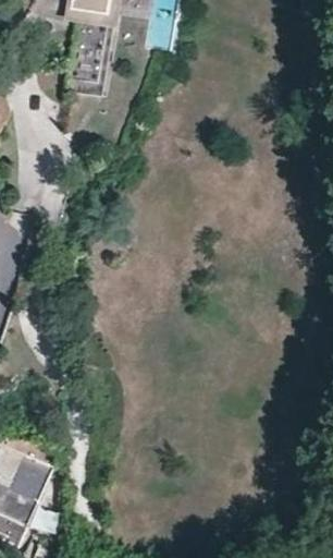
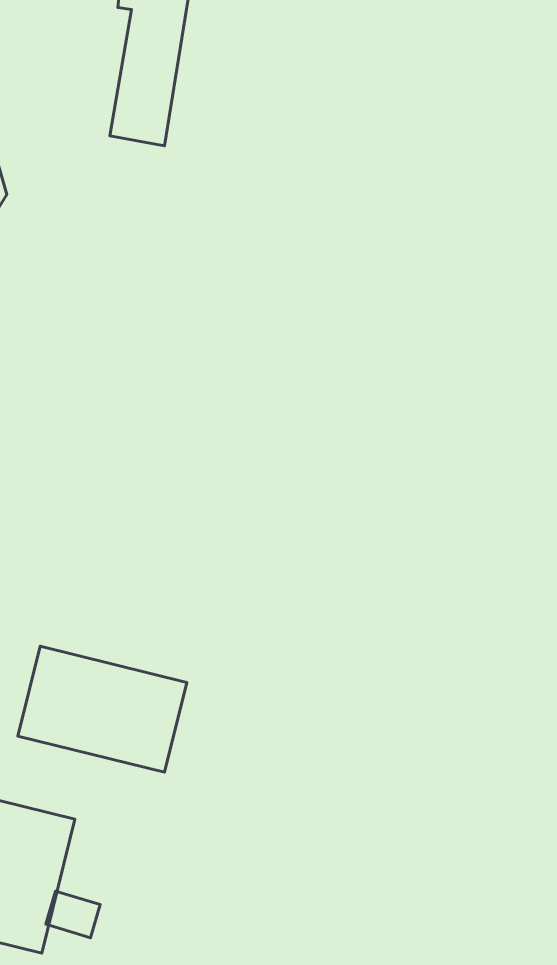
building: none -> [18,646,187,772]

